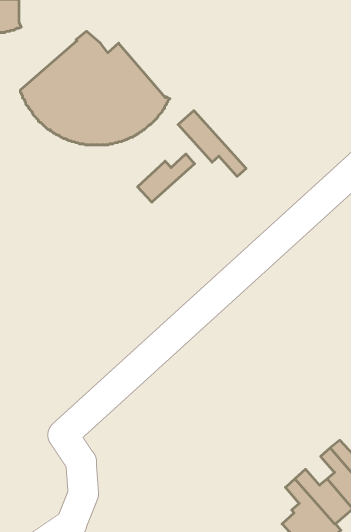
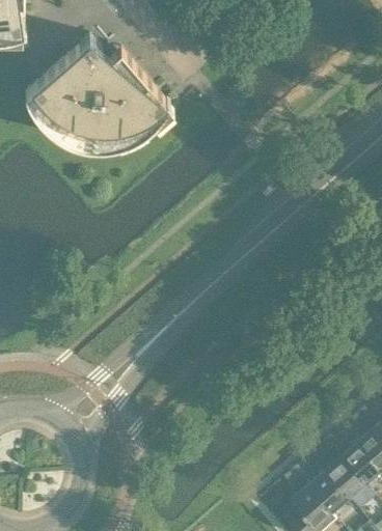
building: [178,111,246,176] -> none
building: [138,154,195,202] -> none

